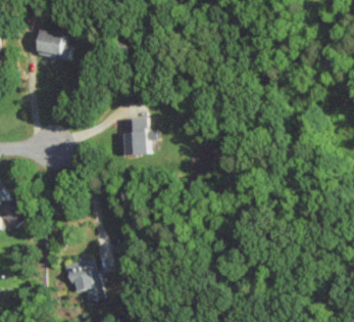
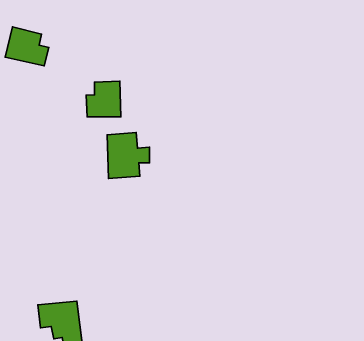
building: none -> [86,81,121,117]

